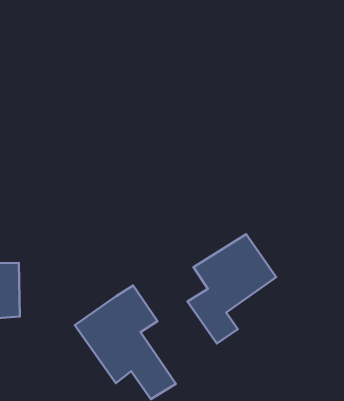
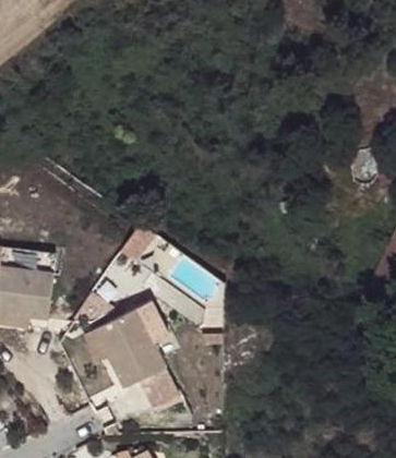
building: [187,234,276,343] -> none

